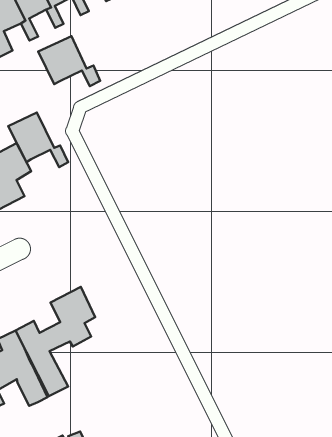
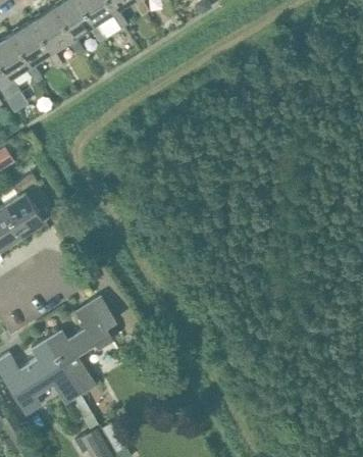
building: [38,36,100,86] -> none
building: [8,113,68,167] -> none

